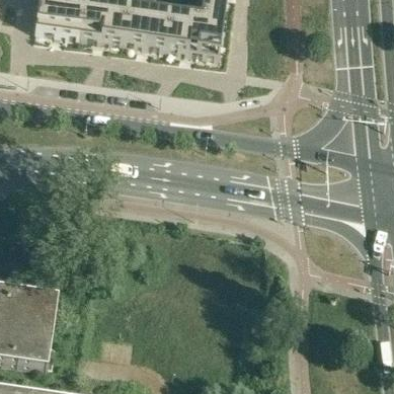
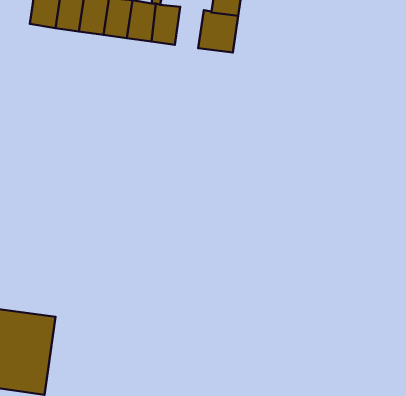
building: [163,15,189,53] -> none

